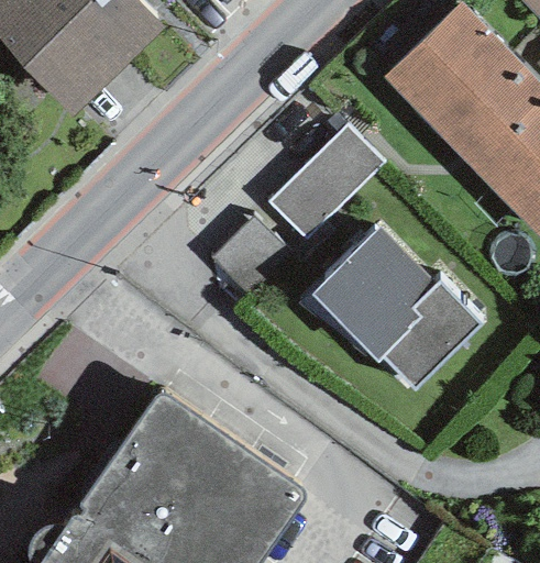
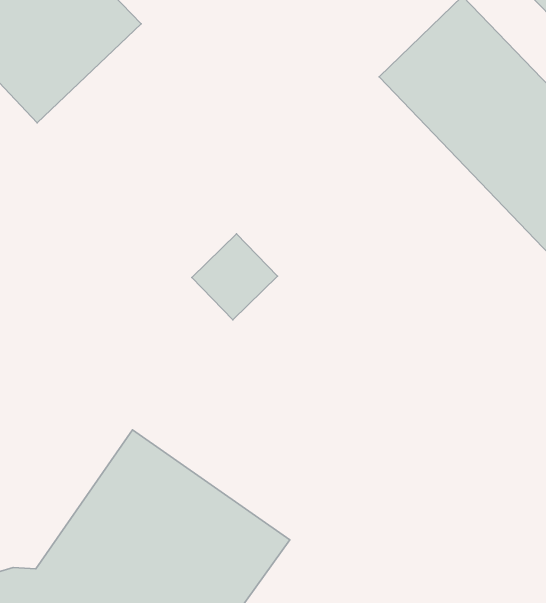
building: [268,124,386,242] -> none
building: [311,228,482,388] -> none

